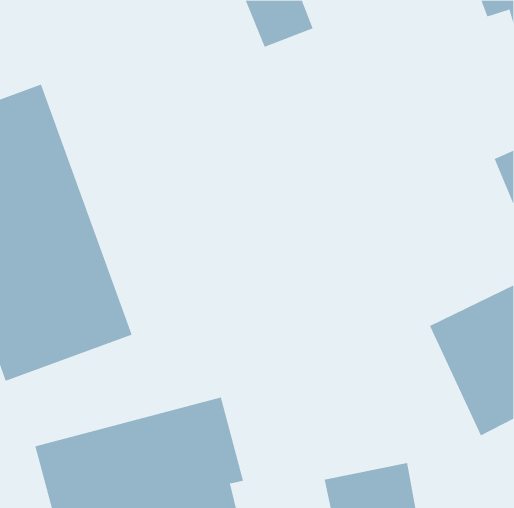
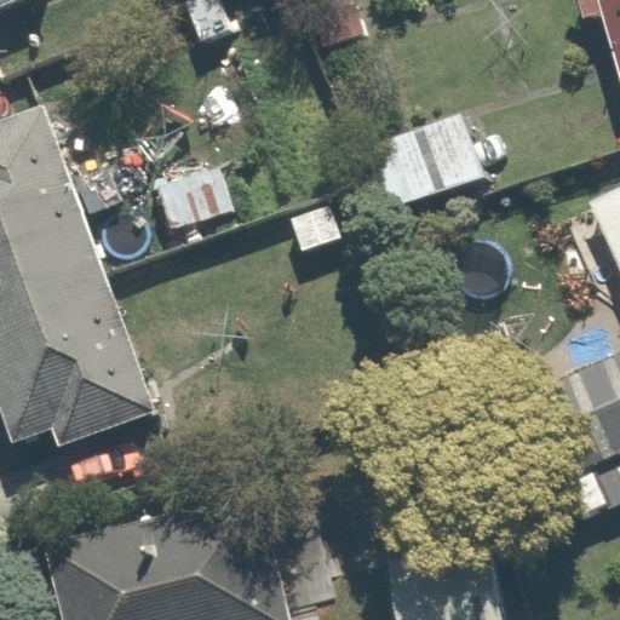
building: none -> [368,107,488,218]

